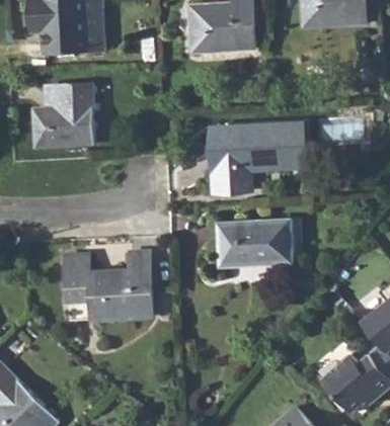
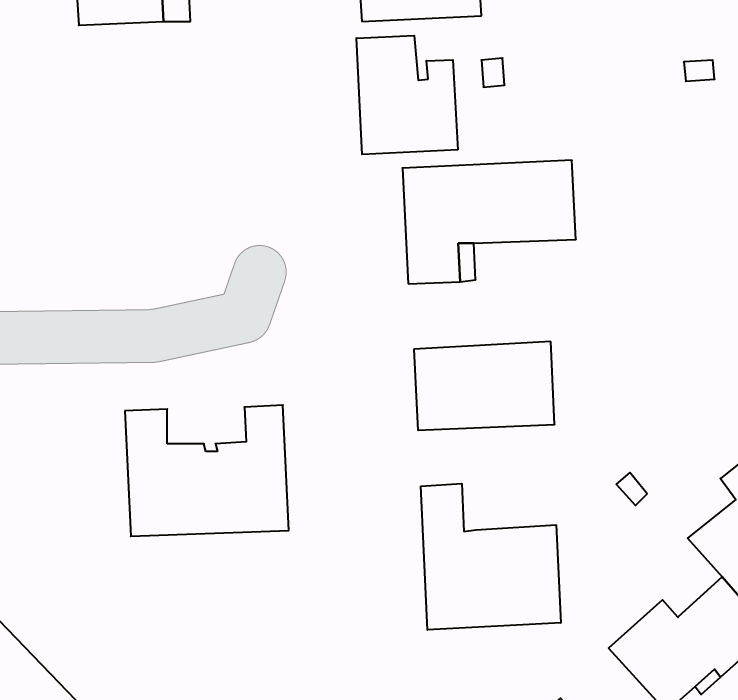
building: none -> [356,36,458,154]
building: [33,83,93,146] -> none
building: none -> [421,484,561,630]

